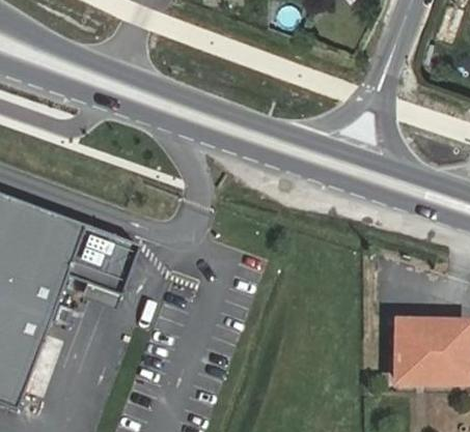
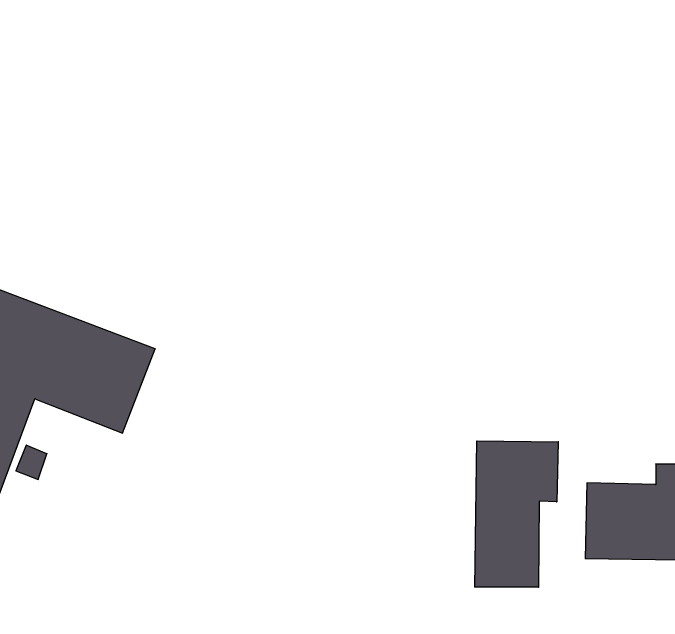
building: none -> [475,441,558,587]

